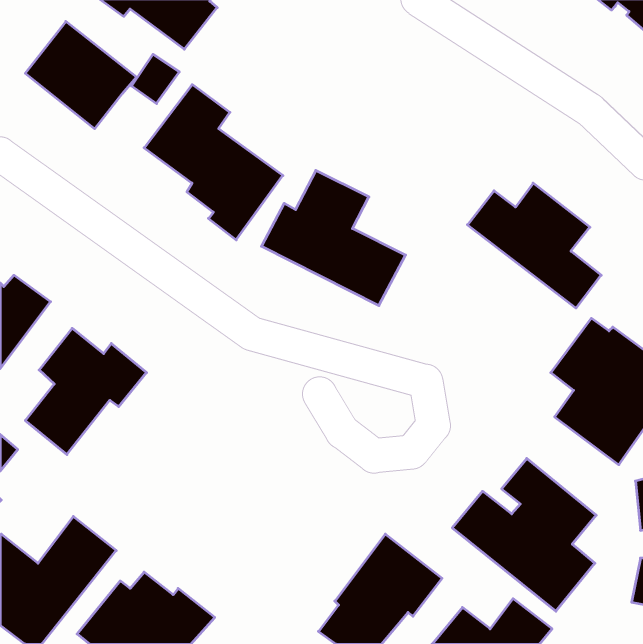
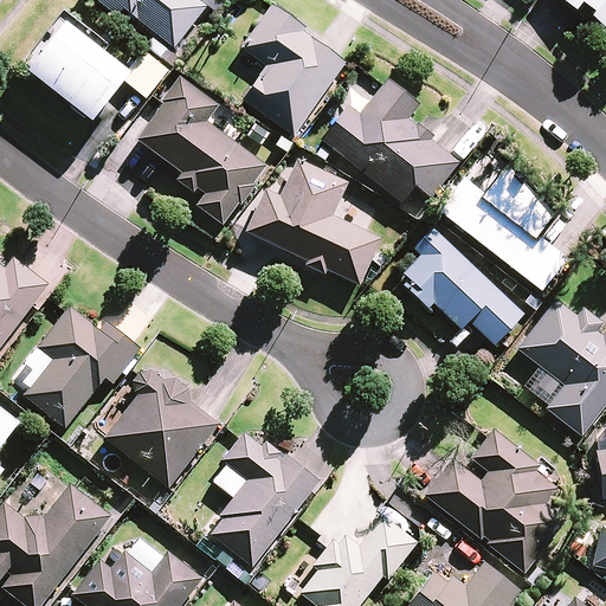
building: none -> [244,5,346,135]
building: none -> [322,82,459,202]
building: none -> [404,227,523,344]
building: none -> [105,372,219,486]
building: none -> [209,431,316,566]

